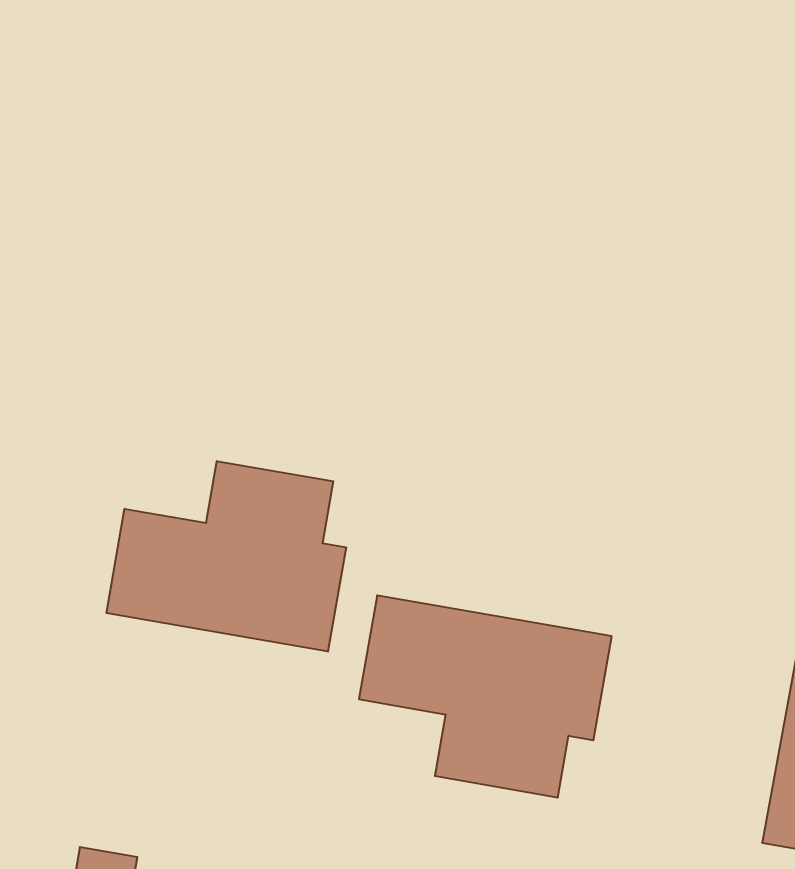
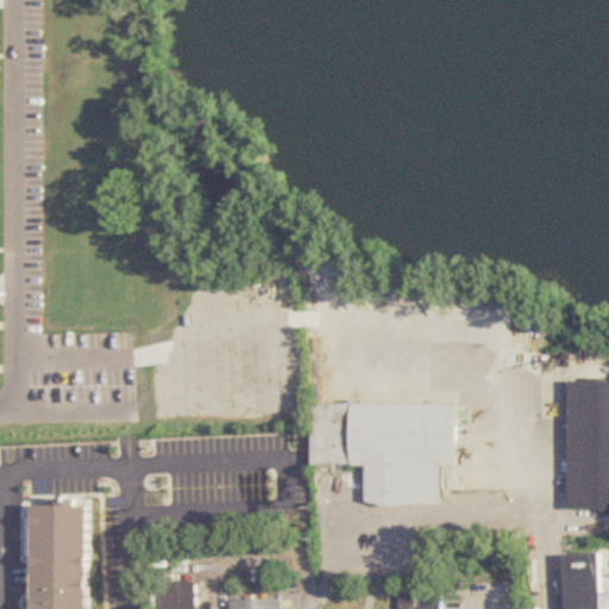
building: [106,461,346,652] -> none

